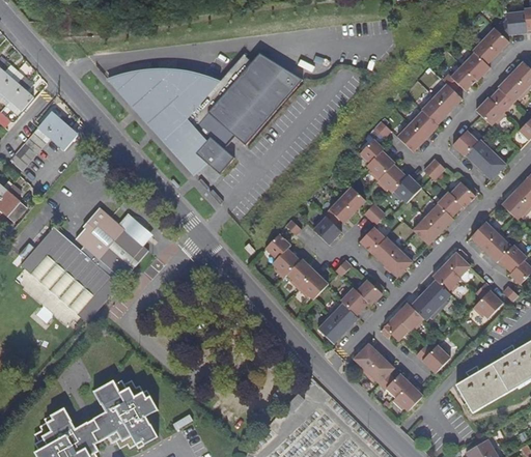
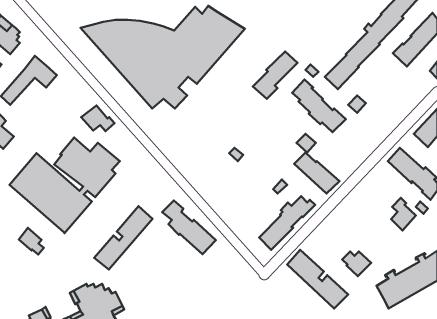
building: [451,131,507,180] -> none
building: none -> [81,106,115,131]
building: [414,181,477,242] -> none
building: [312,188,365,244] -> [253,51,298,99]
building: [263,235,327,298] -> [162,201,216,254]
building: [382,247,471,341] -> none
building: none -> [94,206,152,269]
building: none -> [19,228,44,255]

